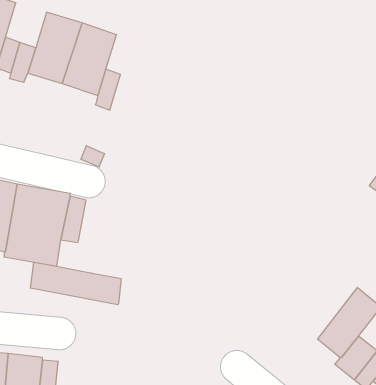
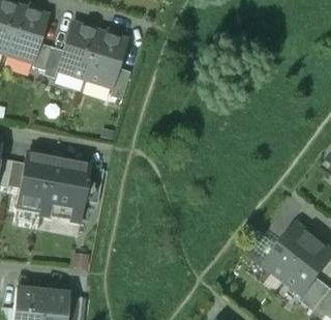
building: [31,262,121,305] -> none
building: none -> [264,223,314,278]

